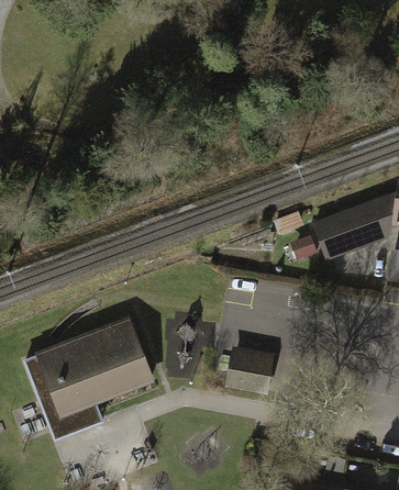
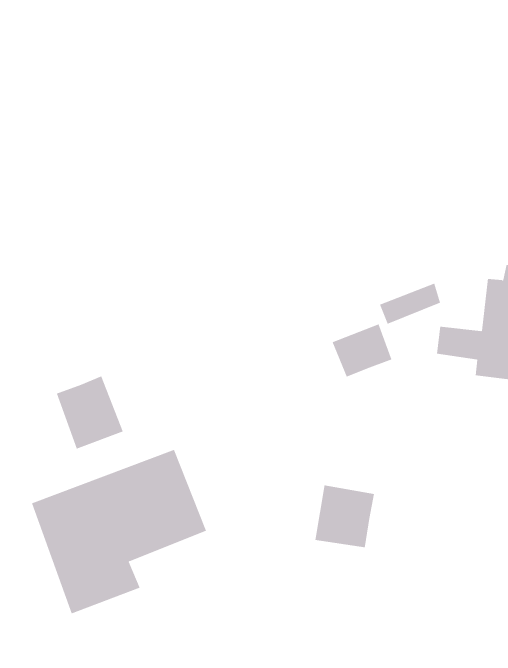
building: none -> [332,323,392,378]
building: none -> [56,376,124,449]

